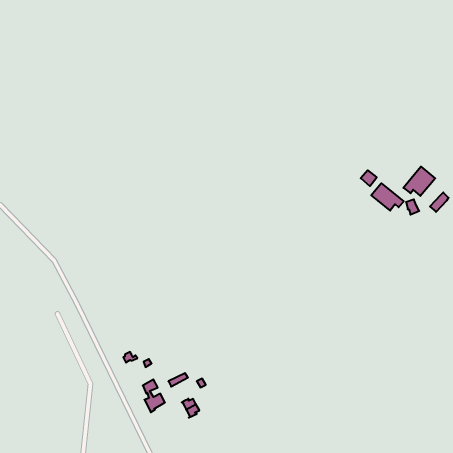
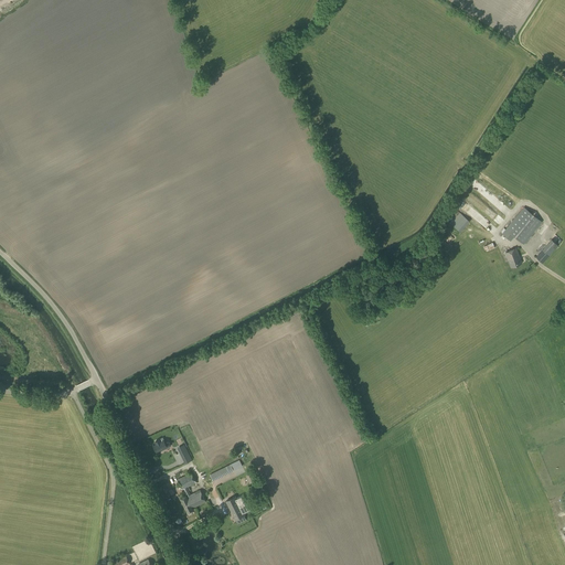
building: [371,183,404,211] -> none

